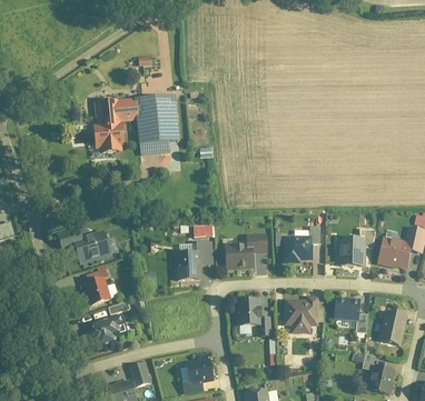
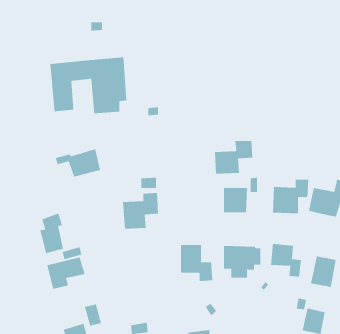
building: [60,232,110,263] -> [55,149,101,177]
building: [225,232,267,269] -> [214,141,253,174]
building: [186,359,212,382] -> none

